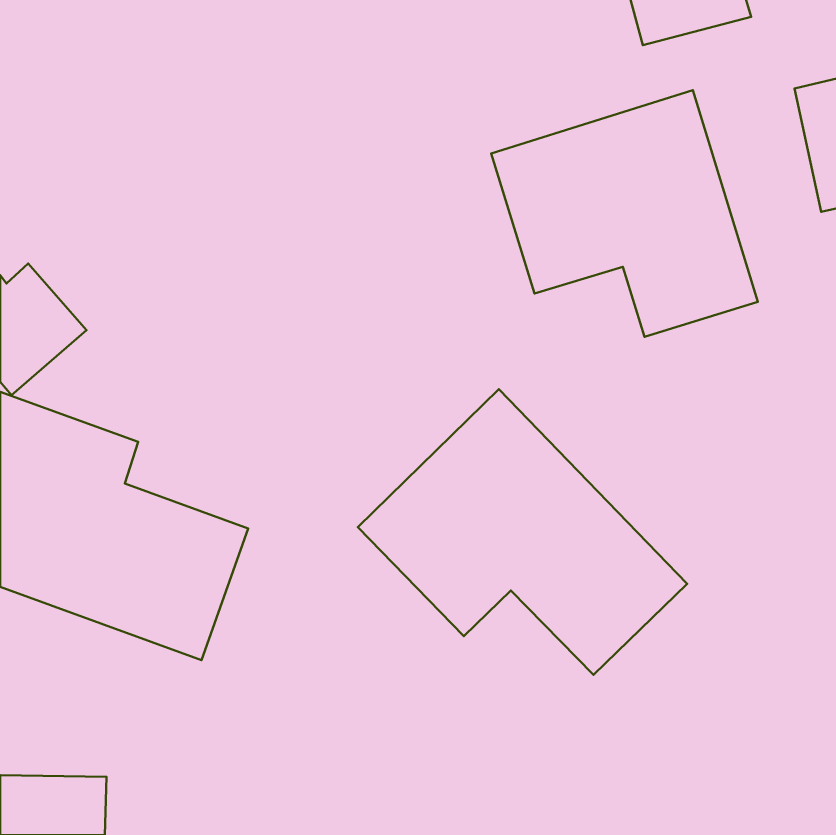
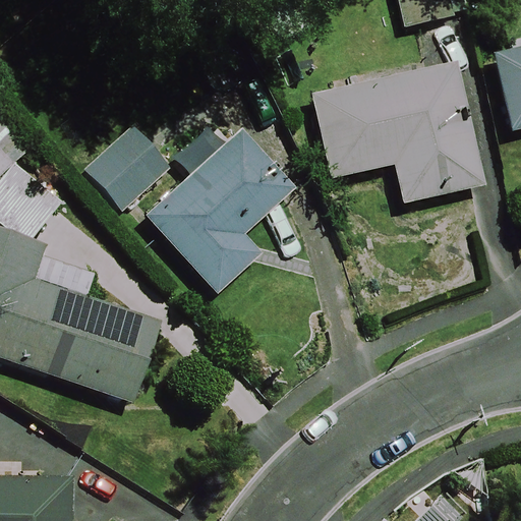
building: none -> [70,101,298,294]
building: [358,389,687,675] -> none

